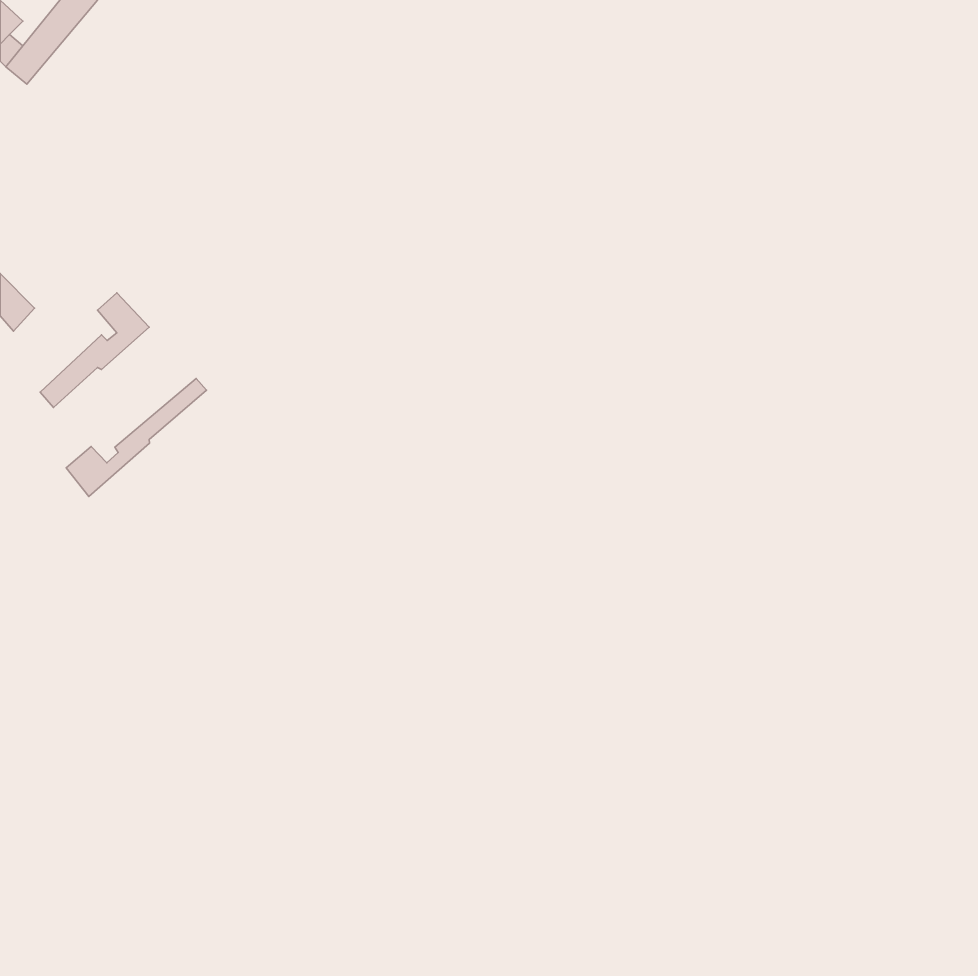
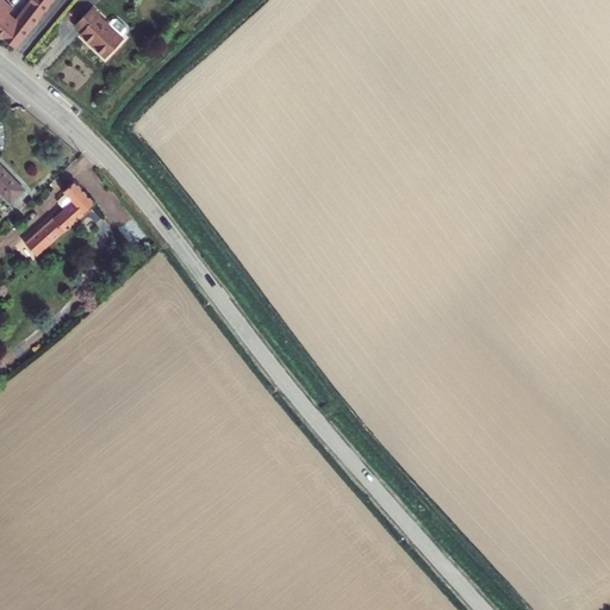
building: none -> [77,7,125,58]
building: [66,378,206,497] -> none

